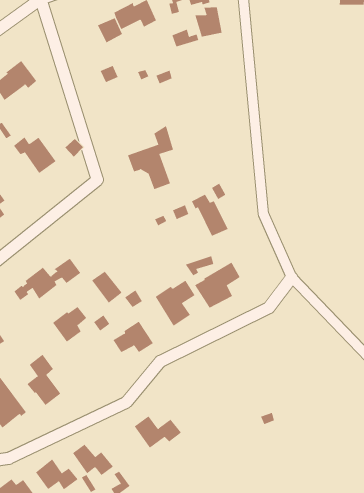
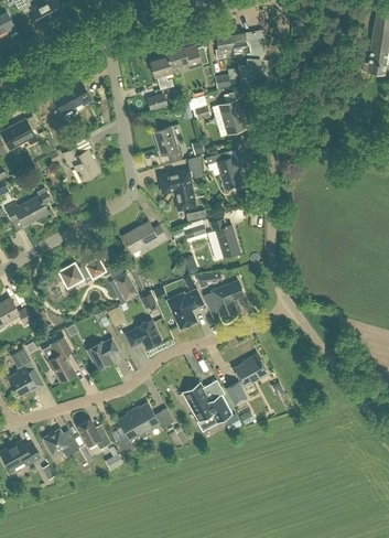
building: none -> [219,99,247,133]
building: none -> [152,126,182,160]
building: none -> [205,151,244,189]
building: none -> [122,219,168,251]
building: [52,306,87,342] -> [87,338,118,368]
building: none -> [226,354,268,405]
building: none -> [183,383,230,422]
building: none -> [117,410,144,454]

